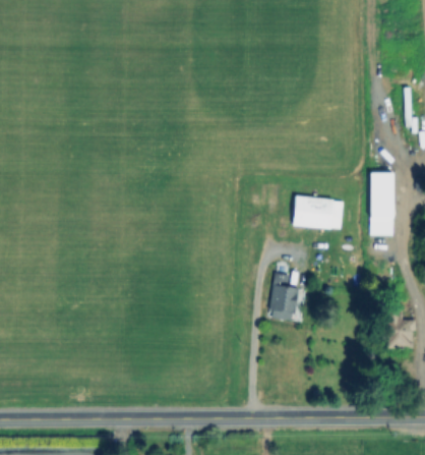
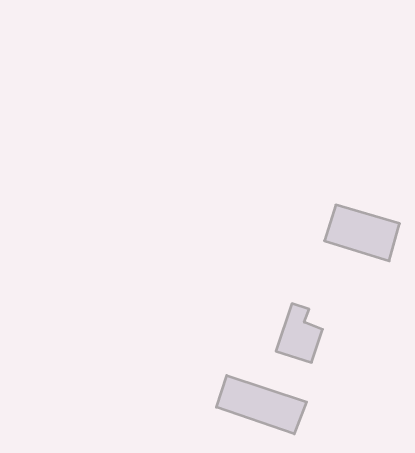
building: none -> [216,375,307,434]

